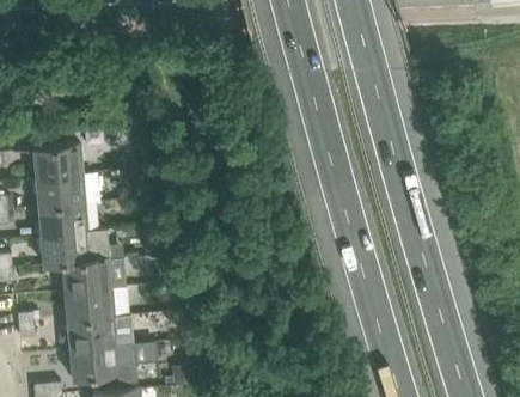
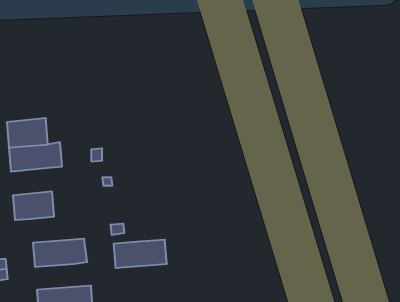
building: [38,203,87,237] -> none
building: [62,259,126,293] -> [114,240,167,268]
building: [67,318,116,349] -> none

